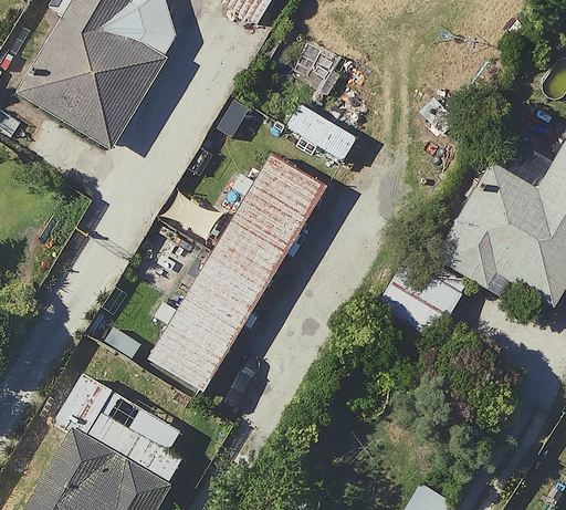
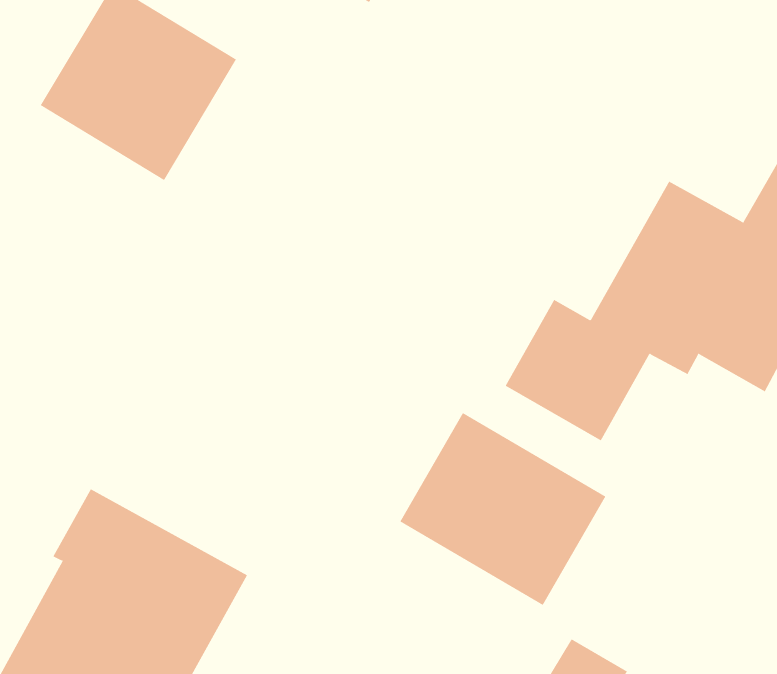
building: [148,156,323,394] -> none
building: none -> [399,412,606,606]

